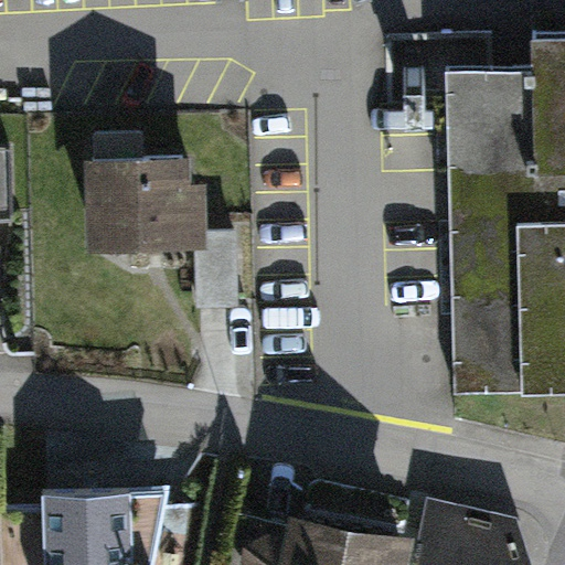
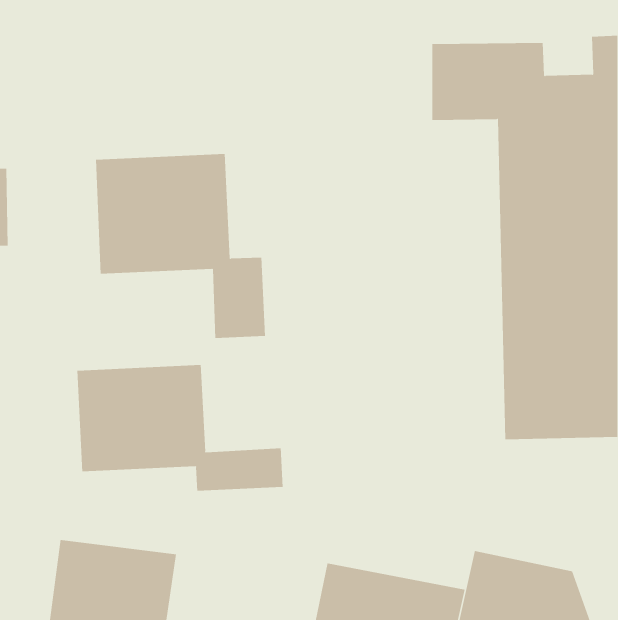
building: none -> [77,364,283,492]

